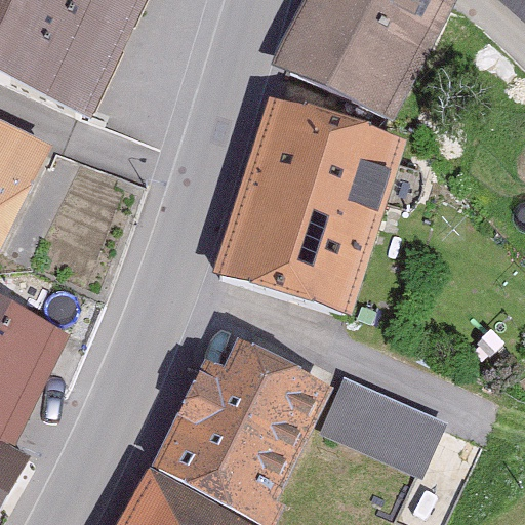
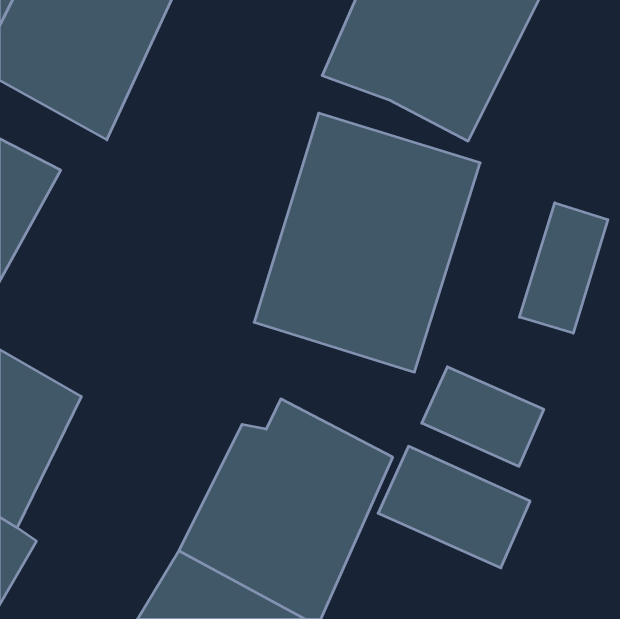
building: none -> [519,203,608,333]
building: none -> [422,367,544,466]

